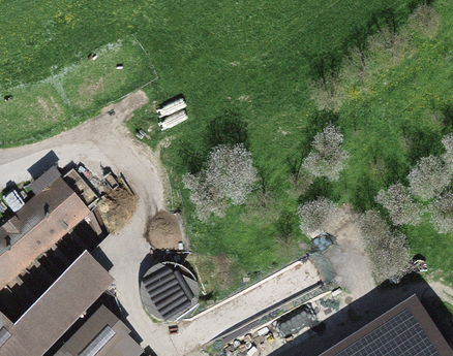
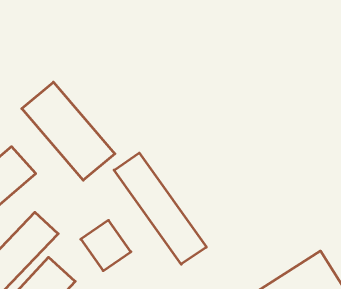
building: none -> [22,82,115,180]
building: none -> [114,153,206,264]

